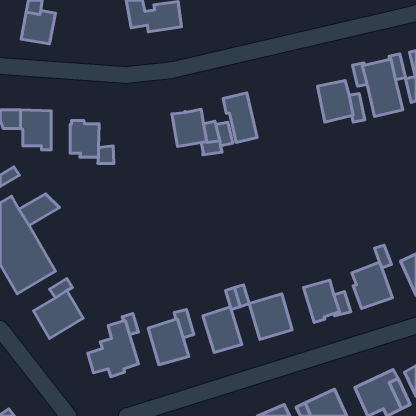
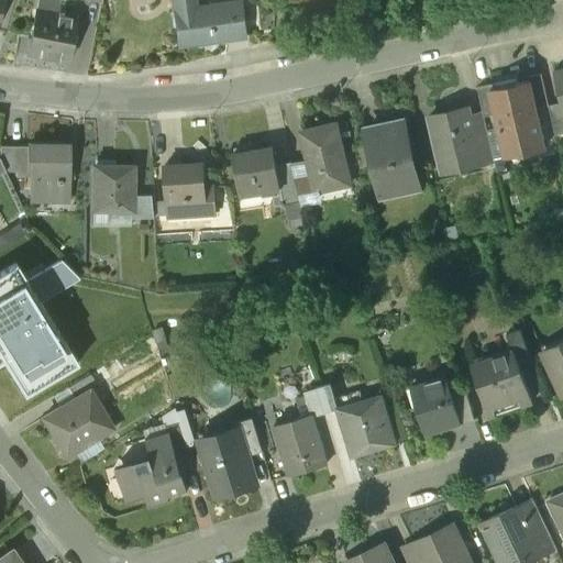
building: none -> [364,121,417,194]
building: none -> [163,165,214,219]

